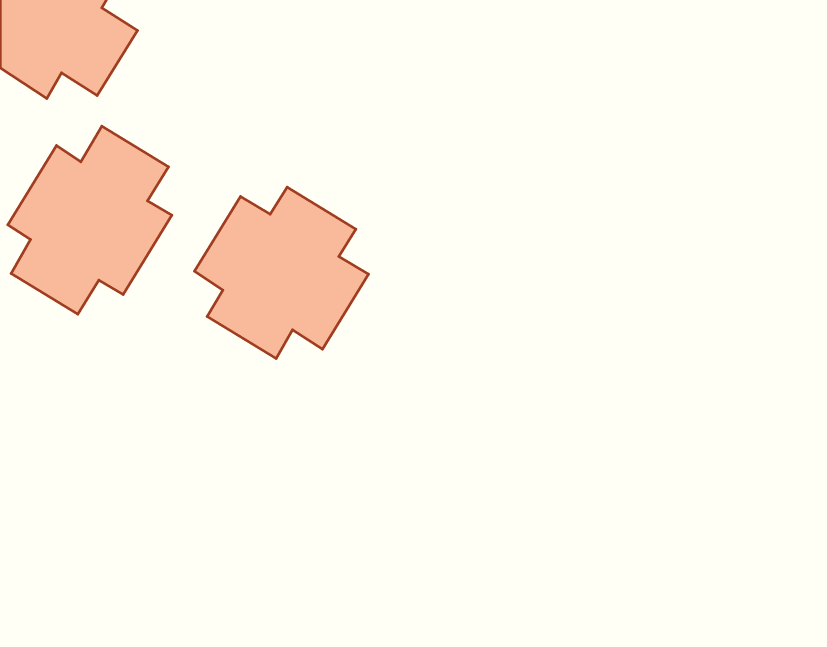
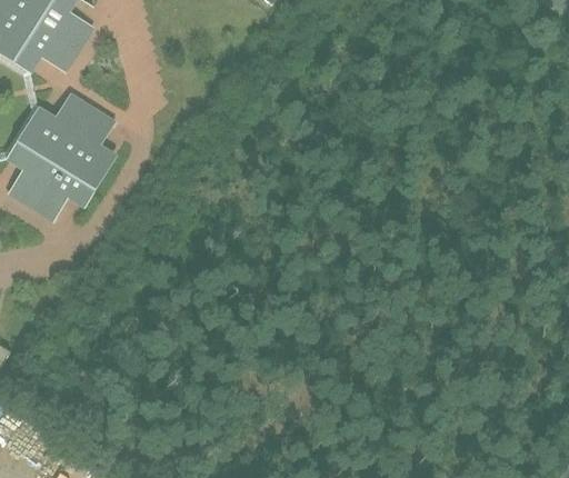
building: [195,187,369,358] -> none

